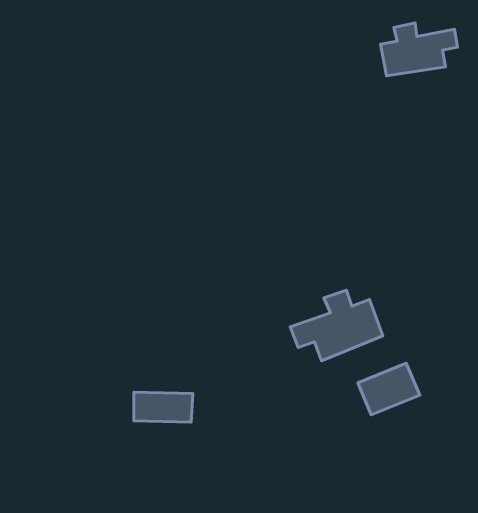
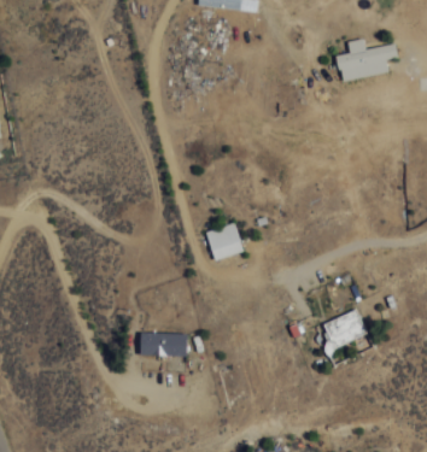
building: none -> [205,223,244,262]
building: [290,290,383,361] -> none

